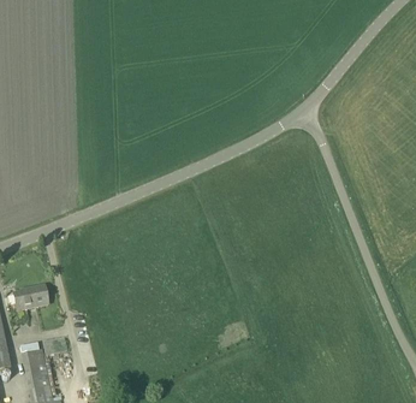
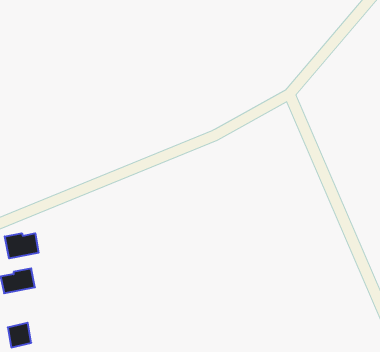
building: none -> [5,233,39,258]

